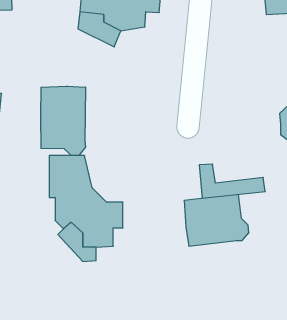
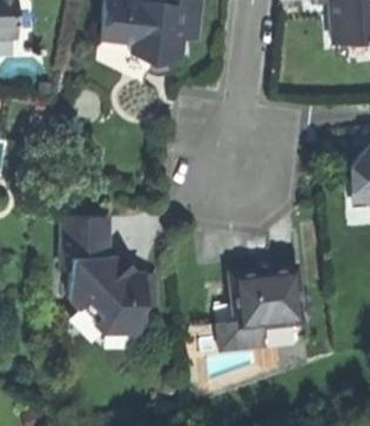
building: [41,86,85,156] -> none
building: [199,164,265,198] -> [216,306,298,349]

